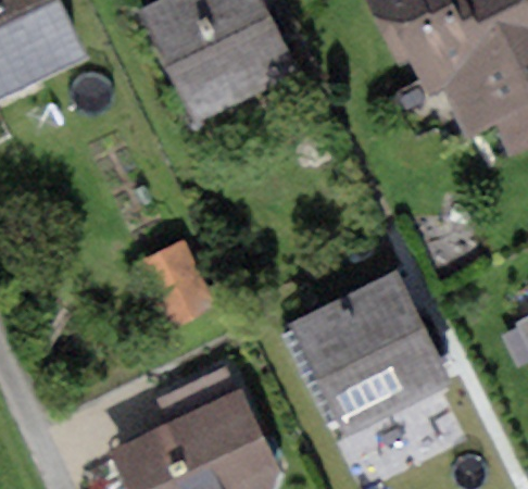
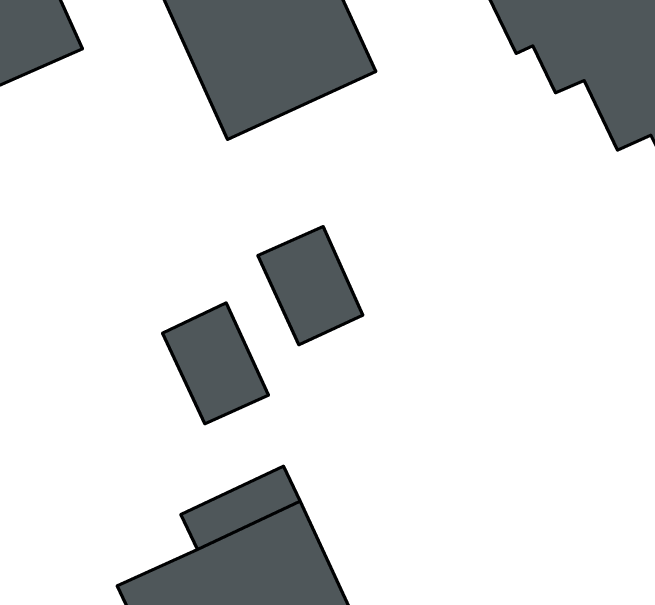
building: none -> [258,227,363,345]
building: [290,273,451,437] -> none

